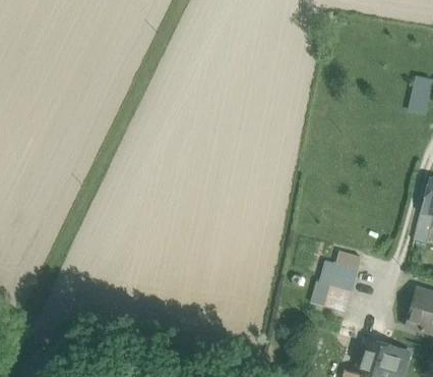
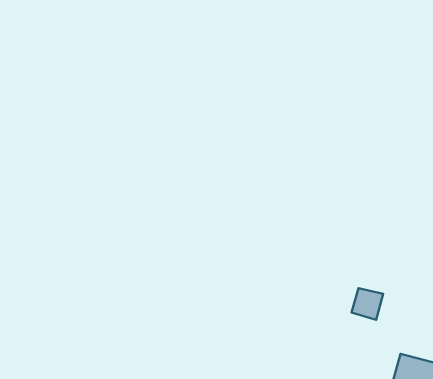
building: [330,258,358,285] -> none

